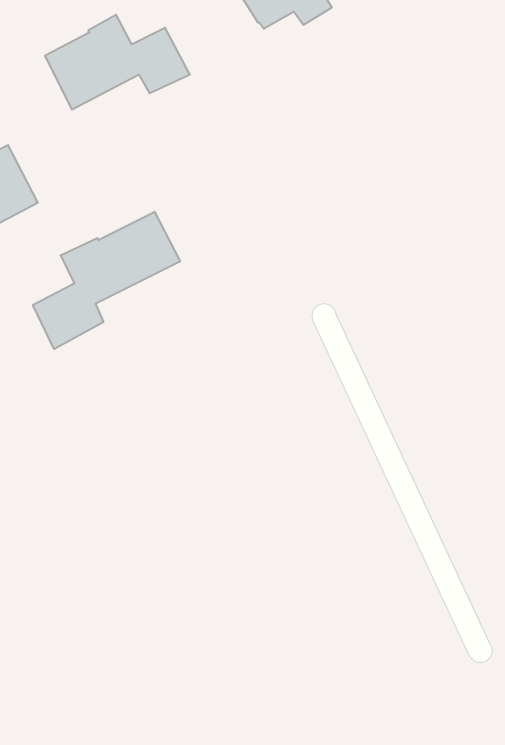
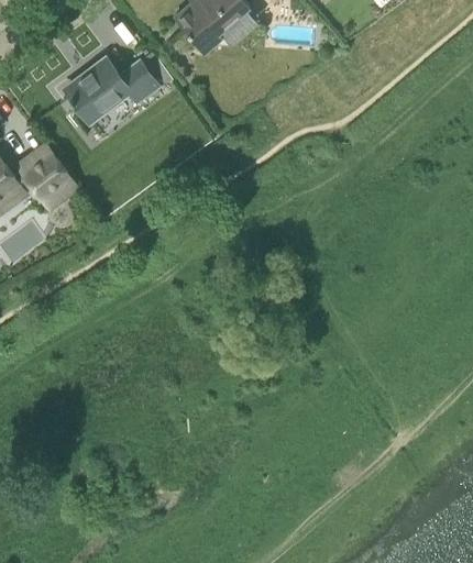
building: [33,212,180,349] -> none

